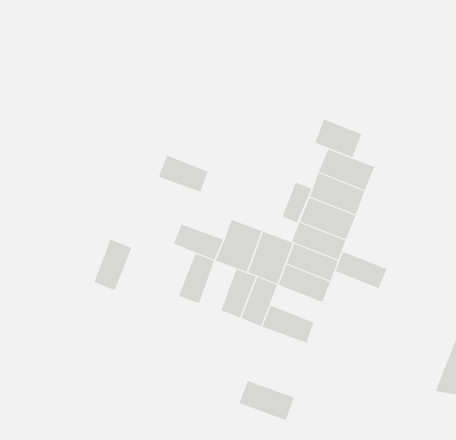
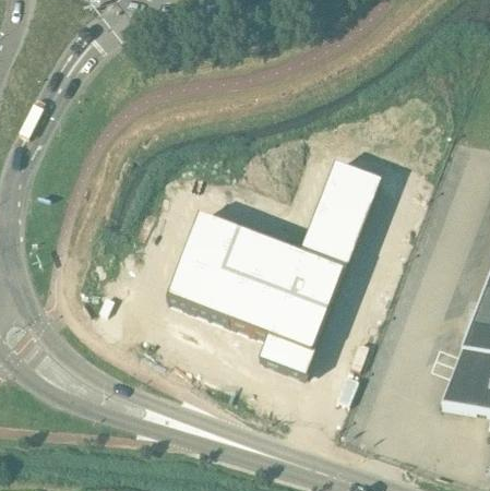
building: [314,118,362,158] -> none
building: [158,155,209,193] -> [192,209,242,247]
building: [282,182,312,224] -> none
building: [93,239,132,291] -> [168,251,206,302]
building: [335,251,388,289] -> [280,291,333,328]
building: none -> [211,267,247,318]
building: [238,380,295,421] -> [261,332,316,372]

